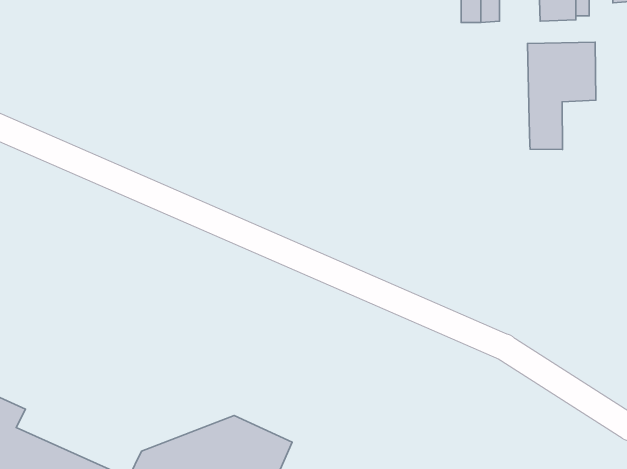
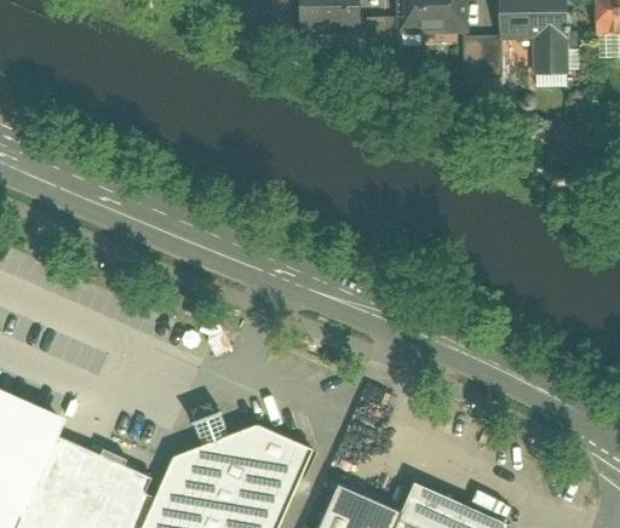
building: [528,42,596,149] -> none

